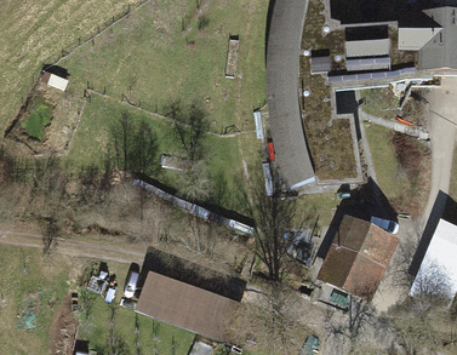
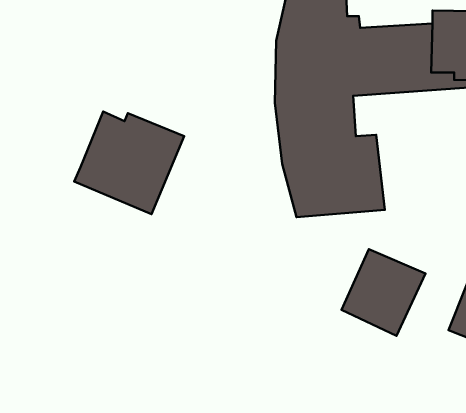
building: none -> [74,112,184,214]
building: [136,268,234,333] -> none

